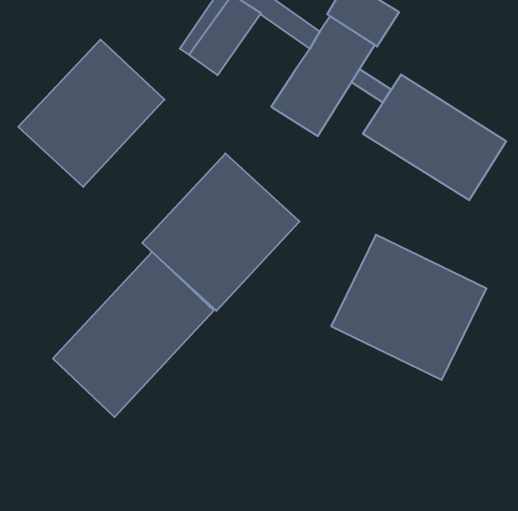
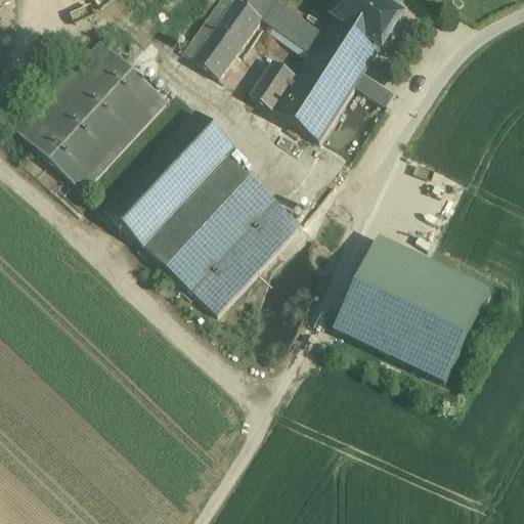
building: none -> [251,56,298,107]
building: [363,74,506,200] -> none
building: none -> [105,110,236,245]
building: [53,252,214,417] -> none

